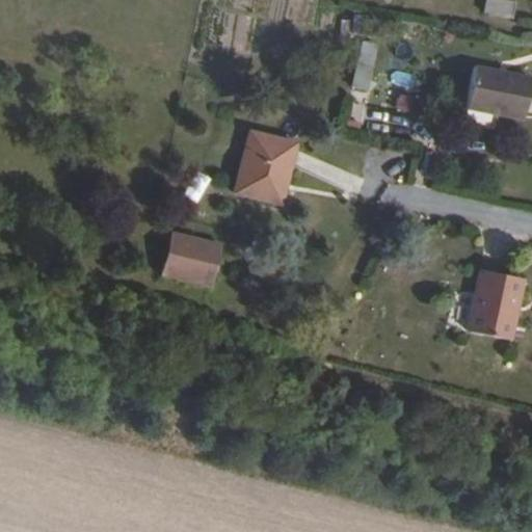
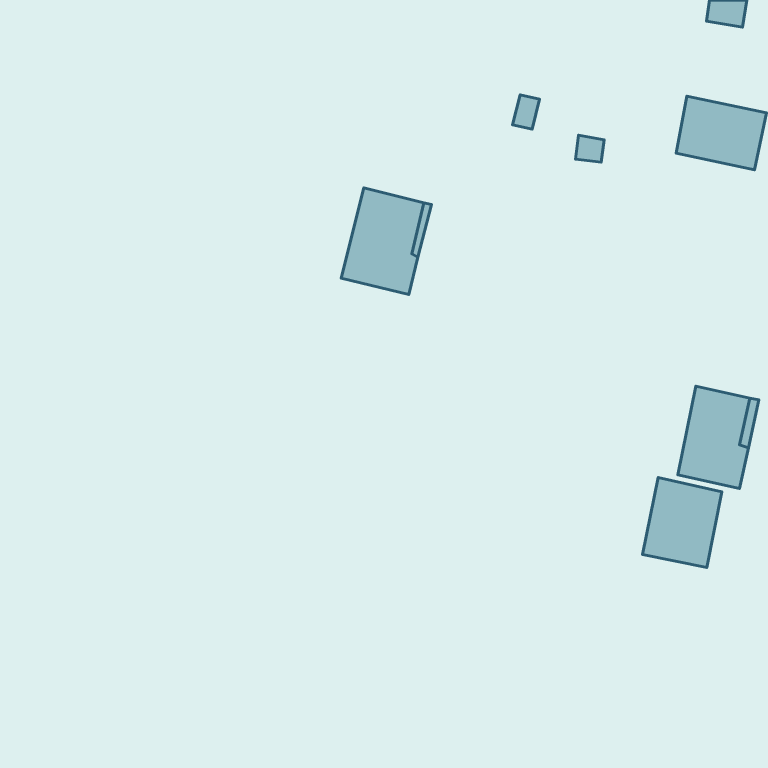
building: [161,231,222,285] -> none
building: none -> [642,478,722,567]

